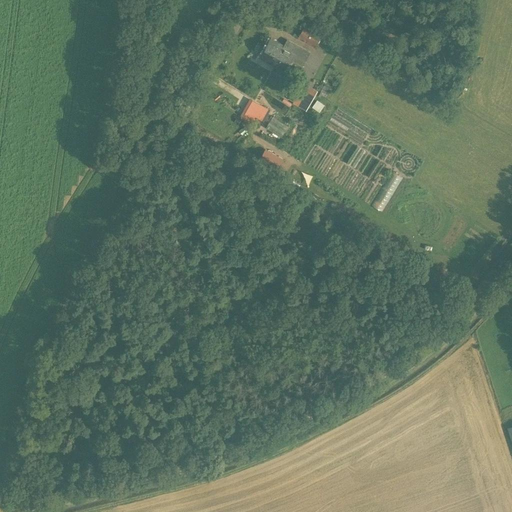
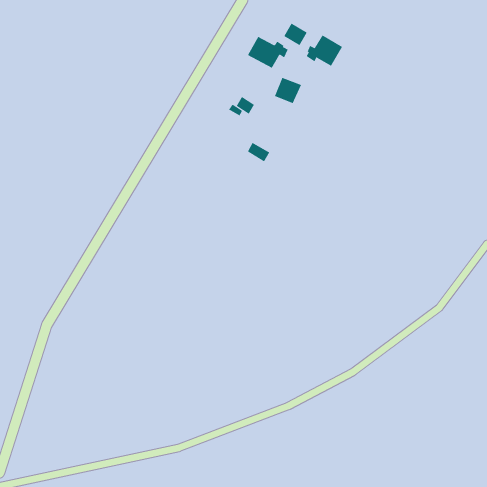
building: none -> [306,35,343,66]

